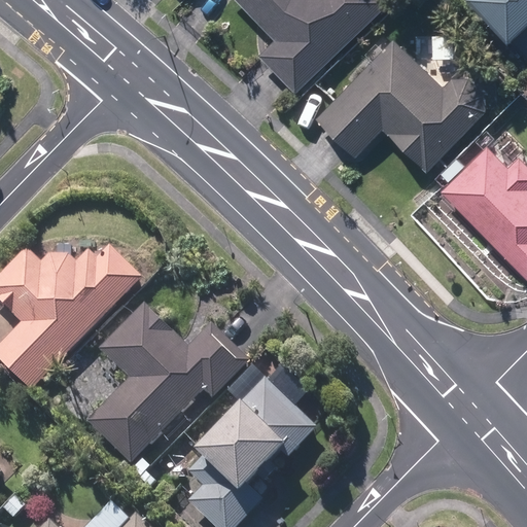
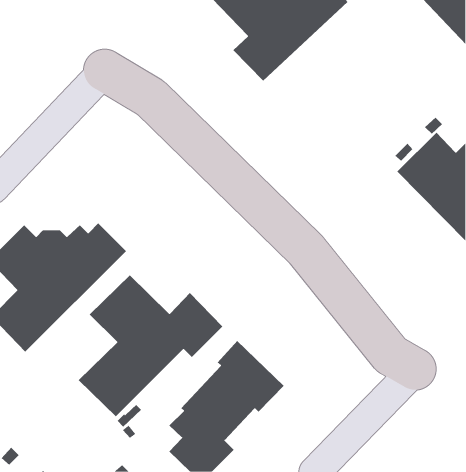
building: [315,40,485,171] -> none

